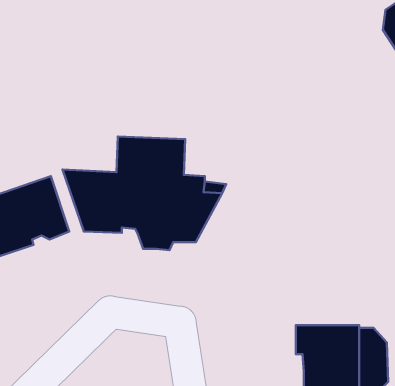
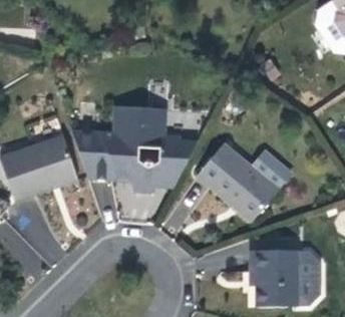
building: none -> [197,142,290,221]

